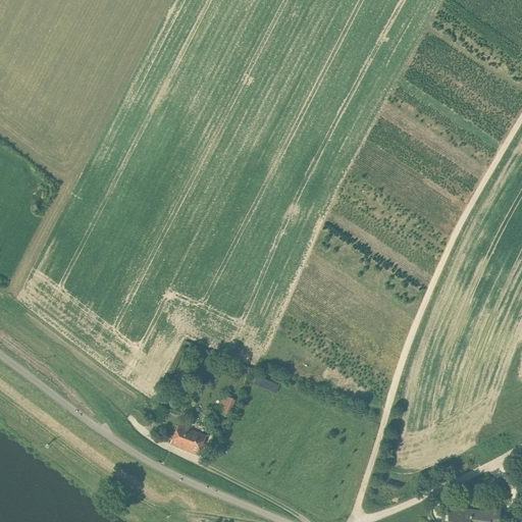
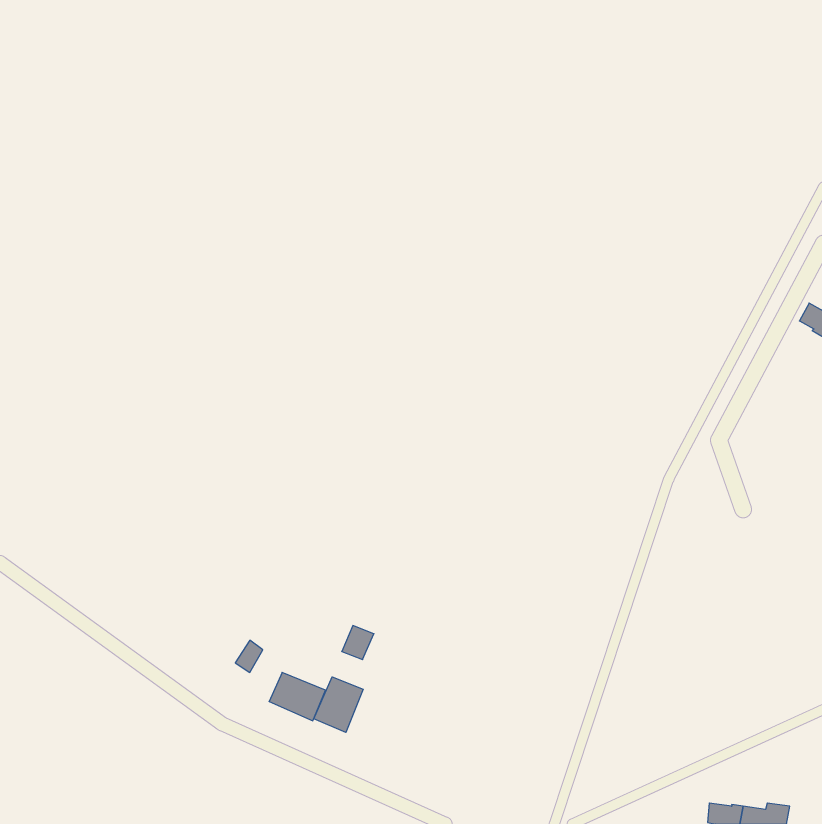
building: none -> [314,677,363,732]

